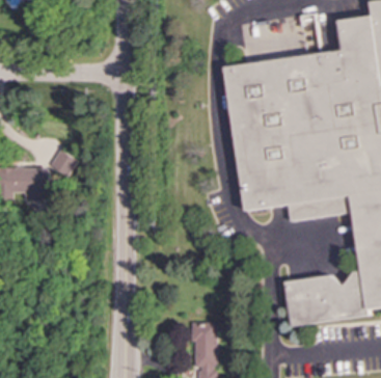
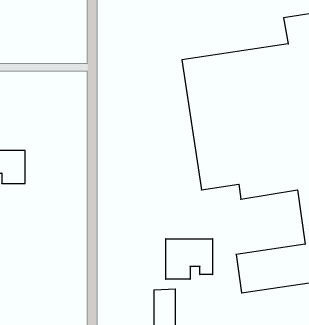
building: [51,151,78,179] -> none
building: none -> [166,239,213,279]

